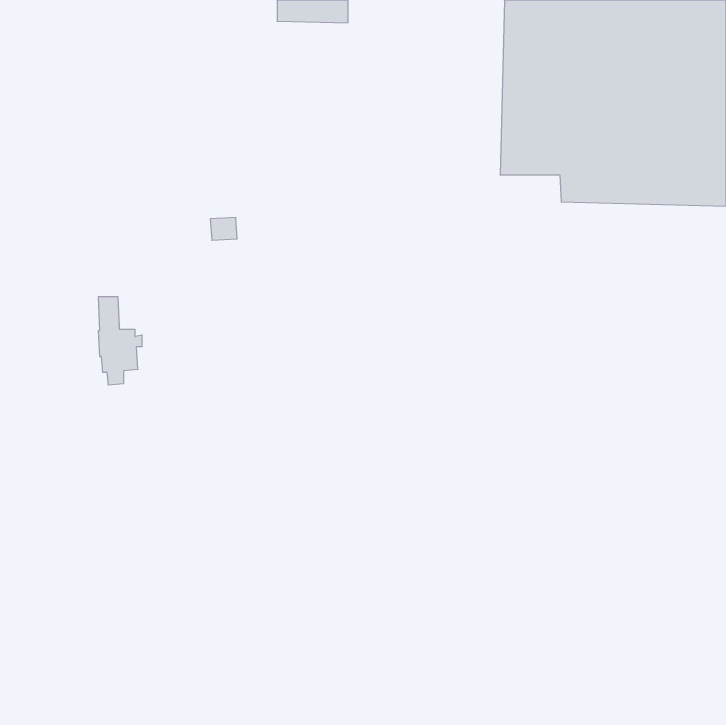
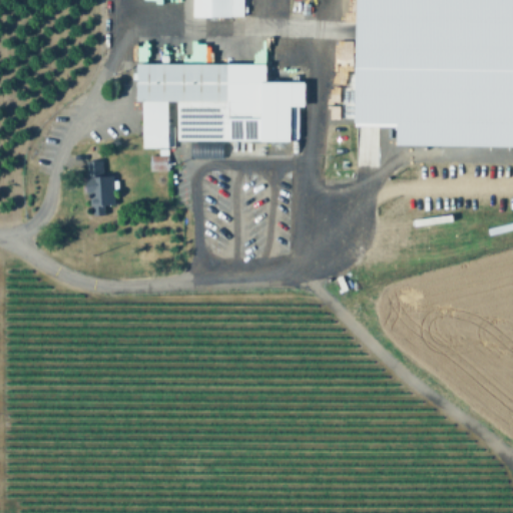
building: none -> [139,64,307,148]
building: [98,297,142,385] -> [88,154,119,216]

